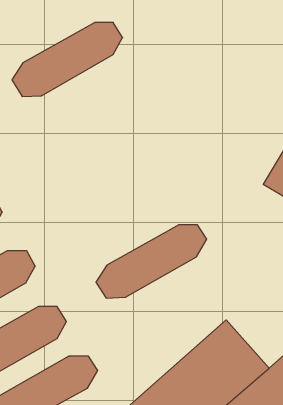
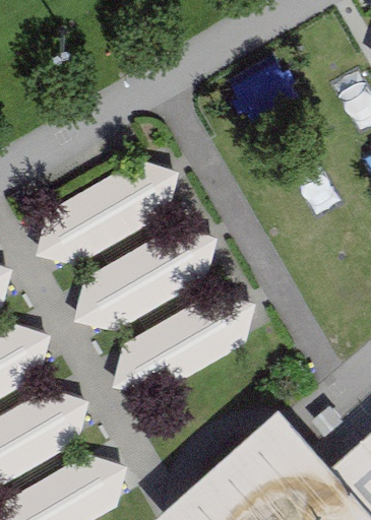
building: [12,22,123,97] -> [42,168,175,257]
building: none -> [81,234,214,323]

